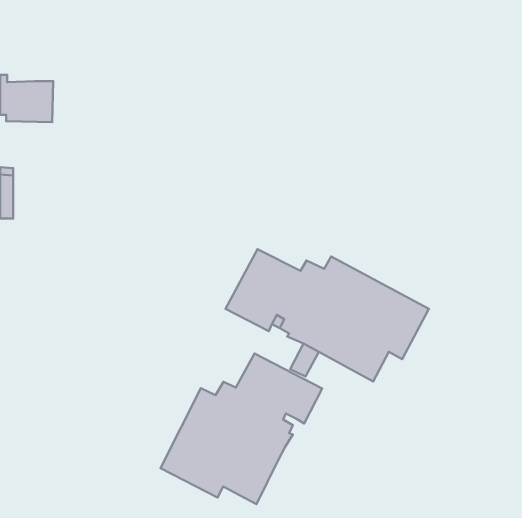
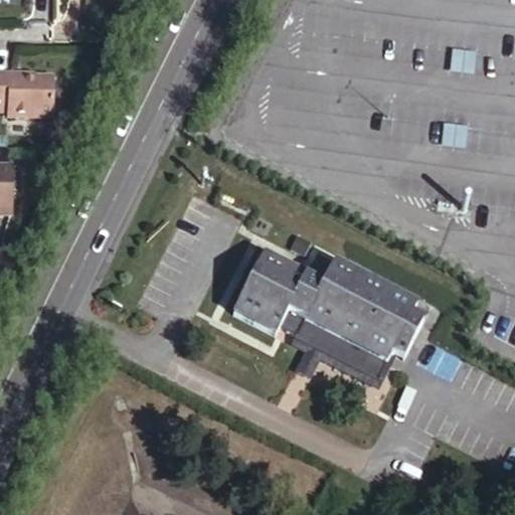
building: [161,354,322,504] -> none

